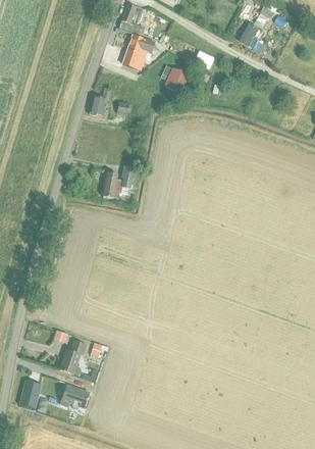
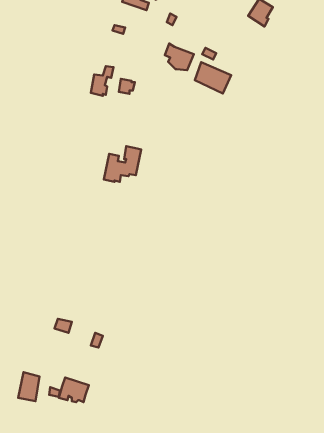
building: [121,34,154,69] -> none
building: none -> [195,62,231,93]
building: [58,340,85,375] -> none

